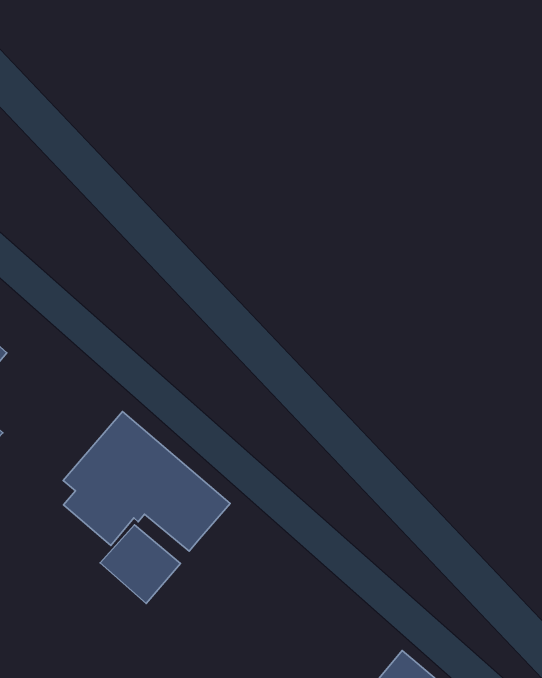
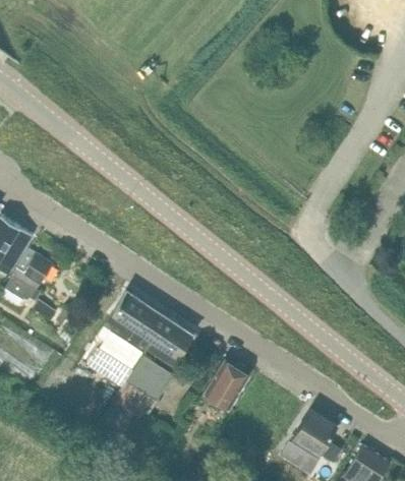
building: none -> [202,360,249,414]

